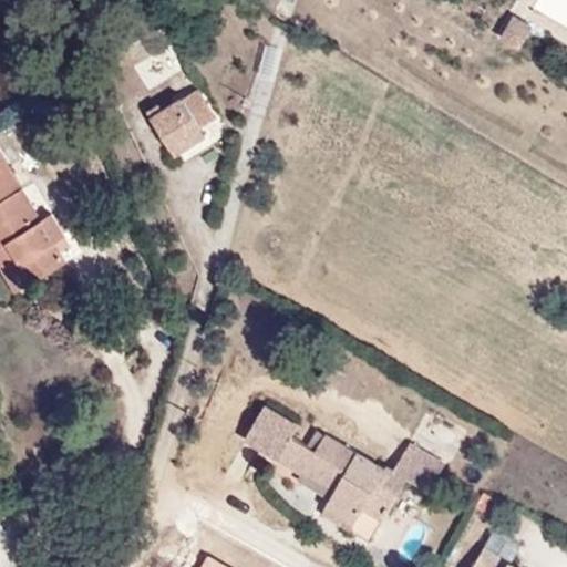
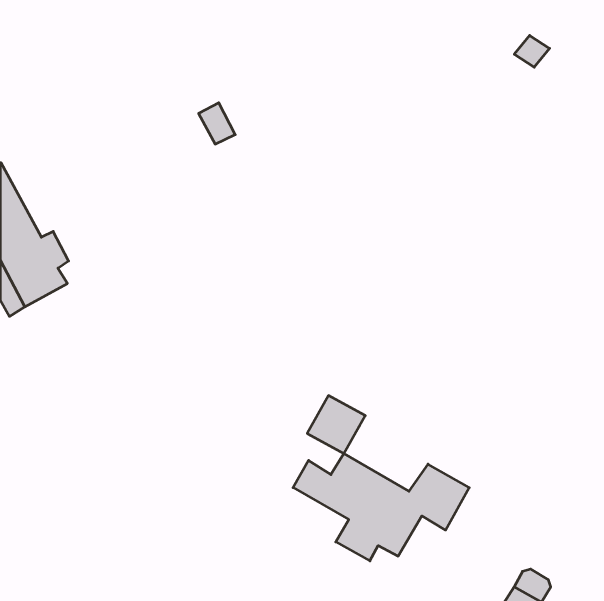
building: [155,109,206,164] -> none
building: [240,405,295,460] -> [307,396,365,453]

